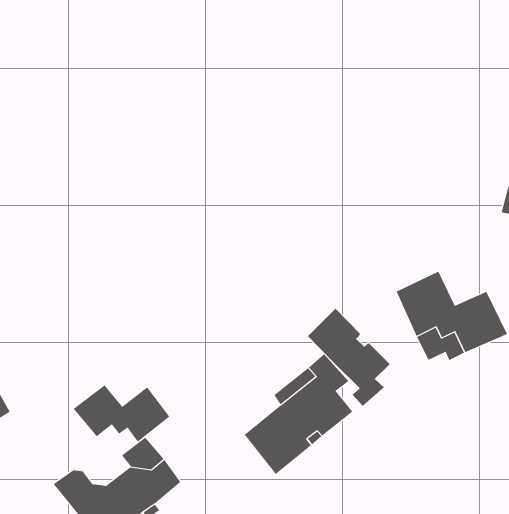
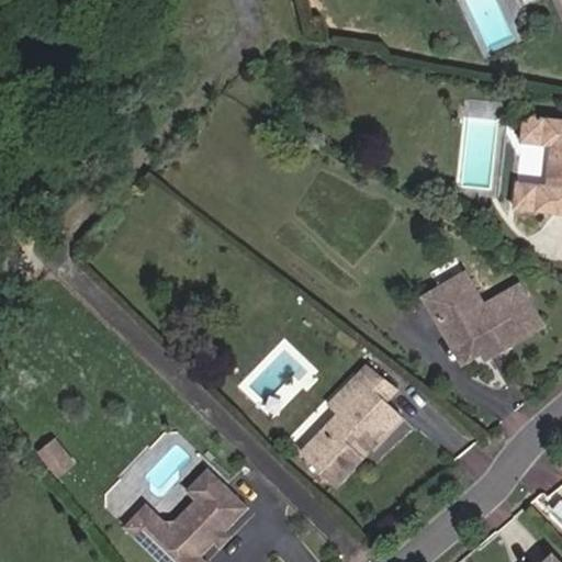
building: [307,308,391,407] -> none
building: [73,384,170,443] -> none

